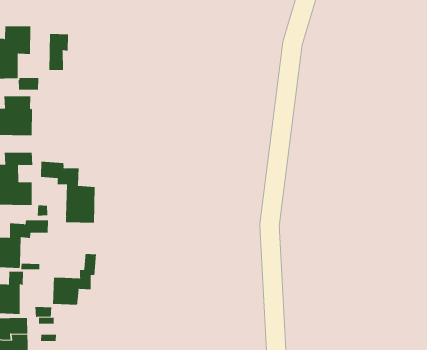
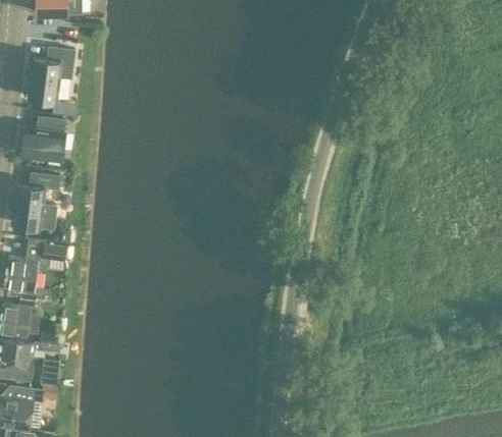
building: [49,33,68,71] -> none
building: [40,161,95,223] -> none
building: [52,253,96,305] -> none

